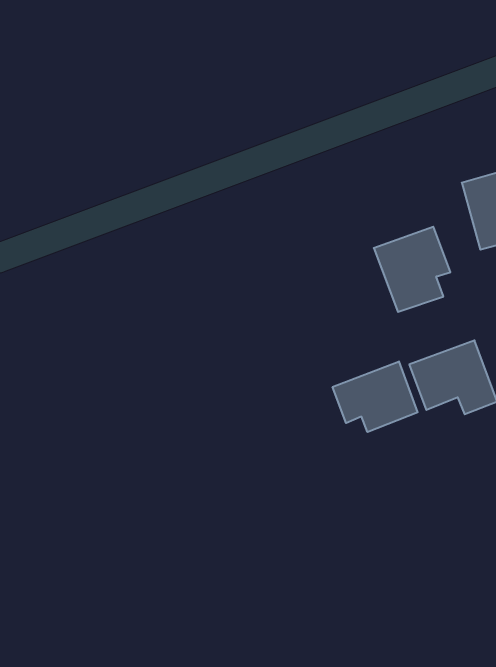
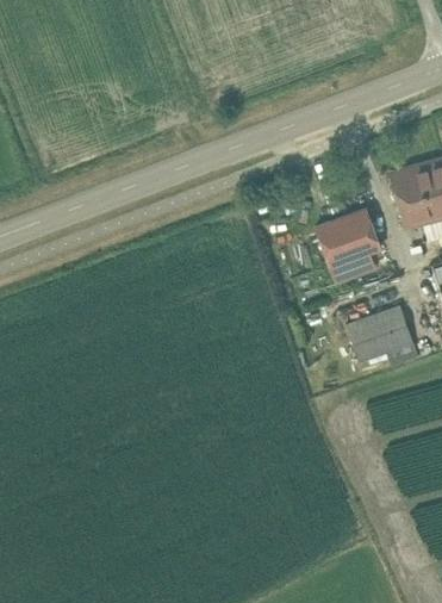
building: [333,361,418,432] -> none

